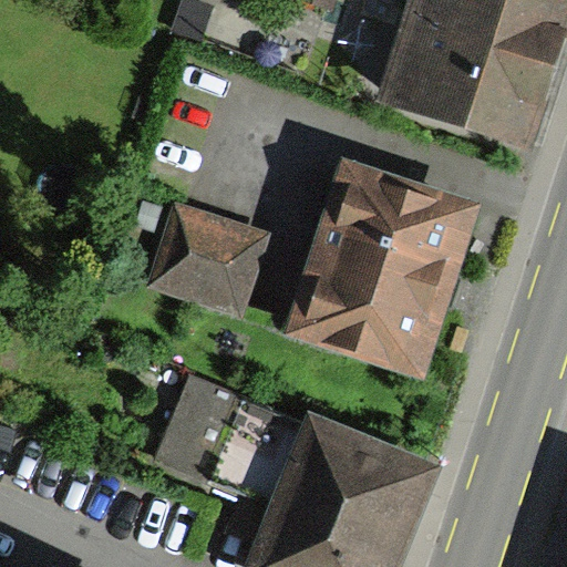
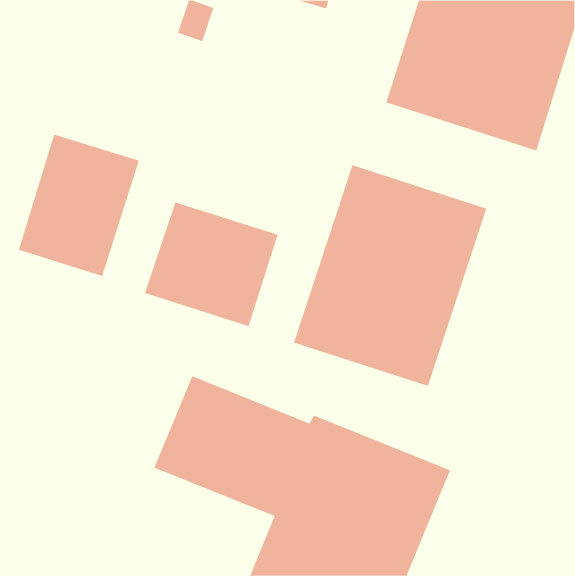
building: none -> [18,134,139,277]

